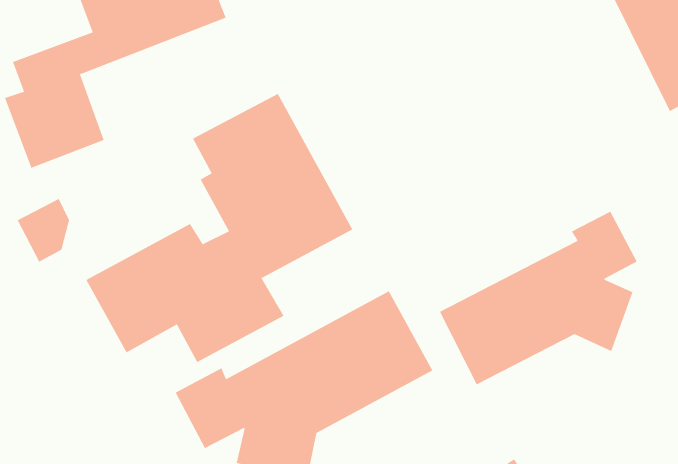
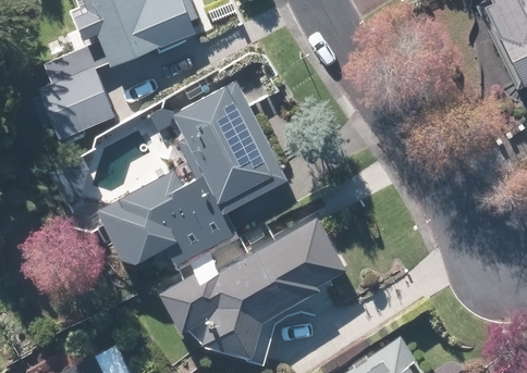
building: [439,211,638,385] -> none

